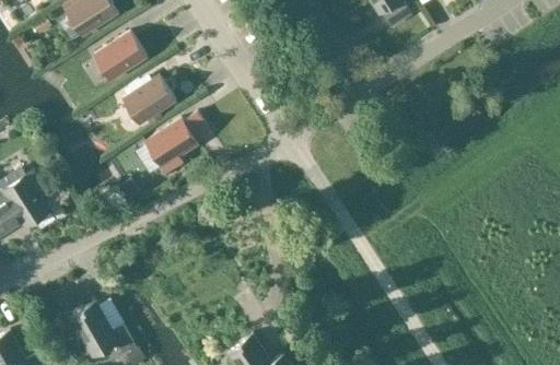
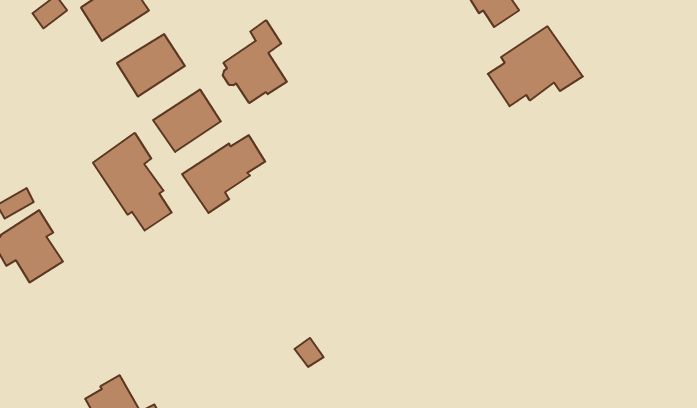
building: none -> [223,20,287,103]
building: none -> [488,26,583,106]
building: none -> [93,133,172,231]

